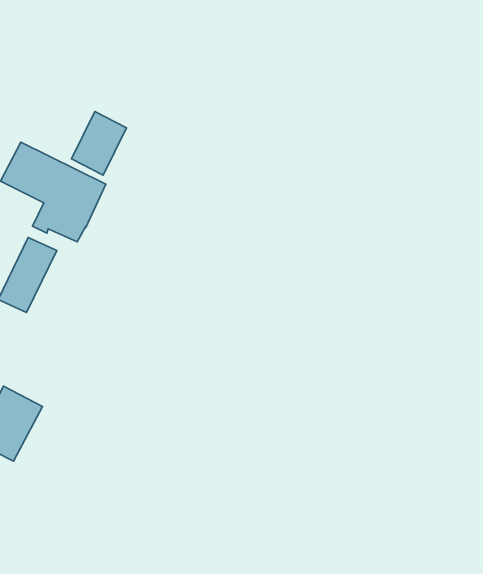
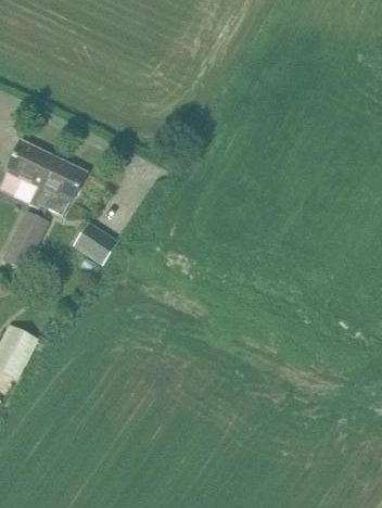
building: [72,111,127,175] -> none
building: none -> [73,220,118,266]

